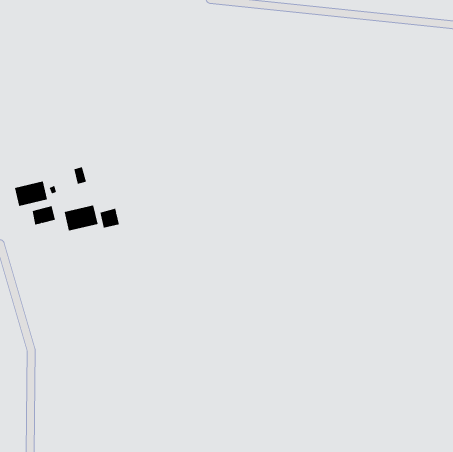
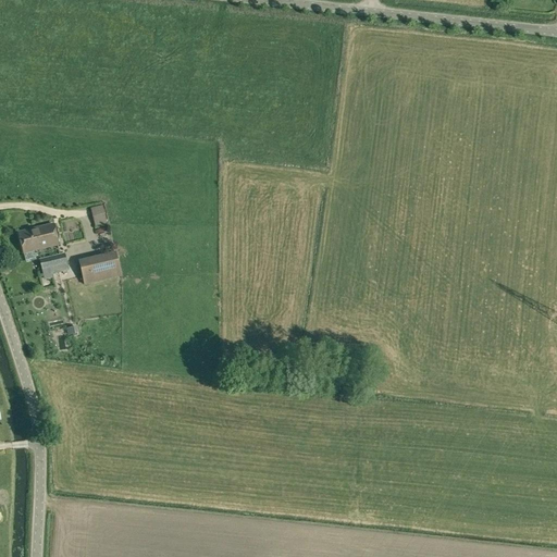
building: [100,208,119,229] -> none

